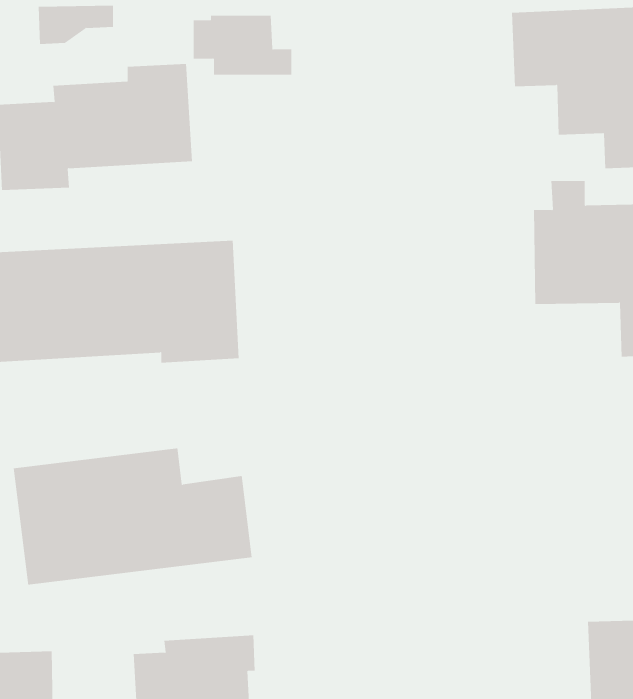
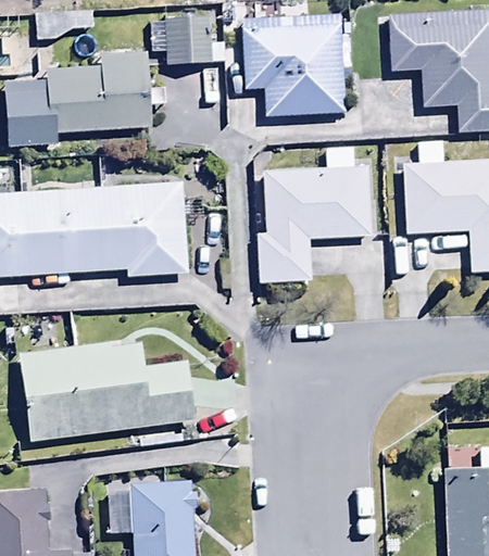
building: none -> [242,14,346,115]
building: none -> [258,147,374,283]

